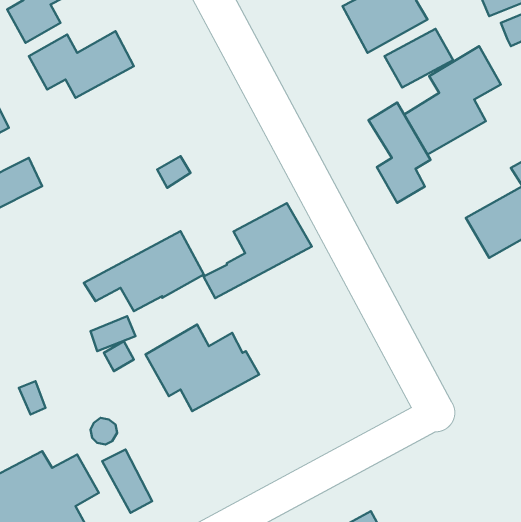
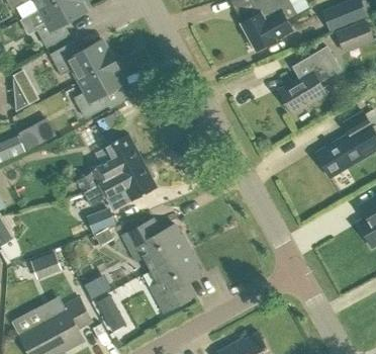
building: [385,29,453,88] -> none
building: none -> [75,61,126,118]
building: [369,102,431,203] -> none
building: [203,203,312,298] -> [77,135,143,192]
building: none -> [150,248,202,314]

